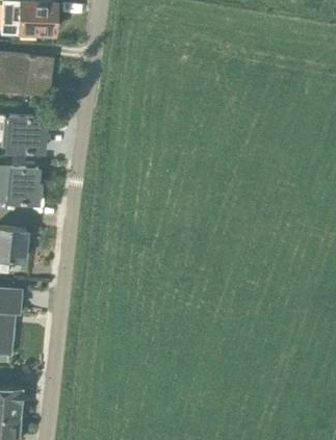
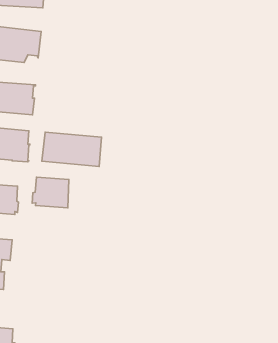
building: none -> [42,132,102,166]
building: none -> [32,177,69,208]

